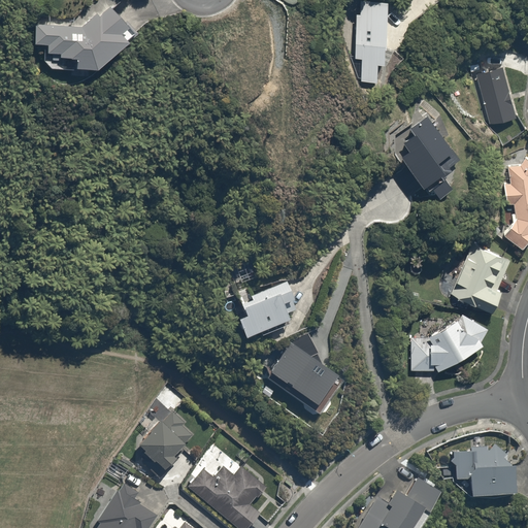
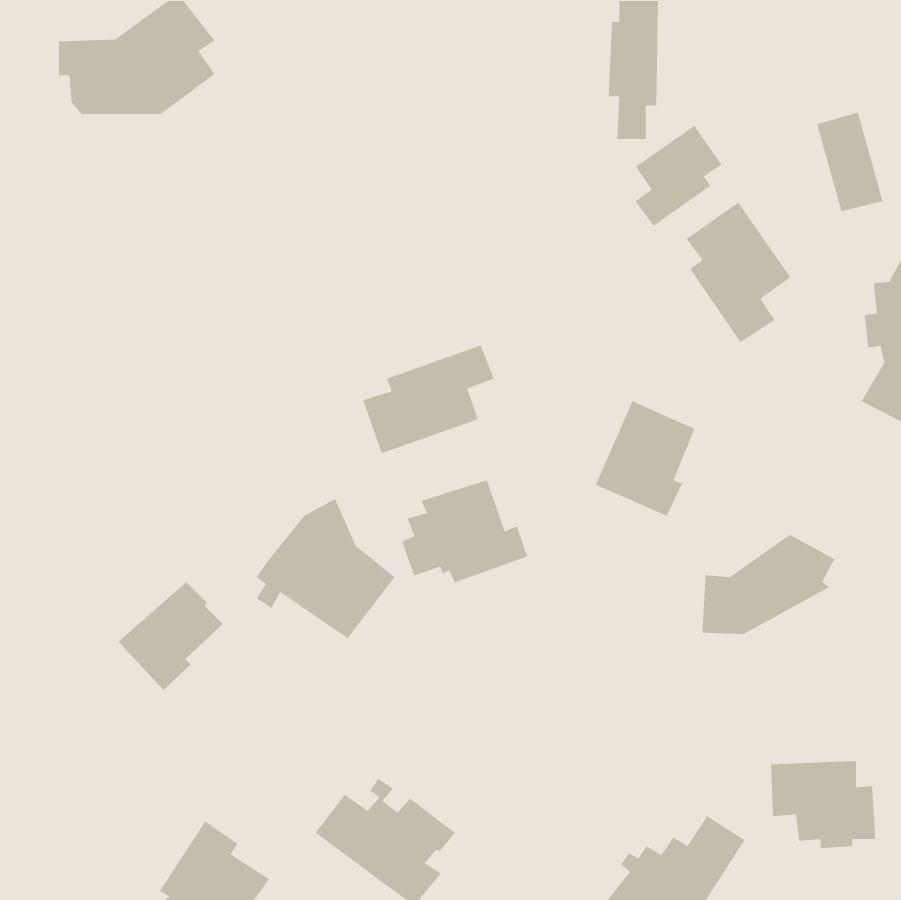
building: none -> [634,125,722,227]
building: none -> [362,344,495,454]
building: [451,243,509,311] -> [595,400,696,517]
building: [261,335,342,418] -> [256,498,395,639]
building: [132,408,194,472] -> [117,581,223,691]

